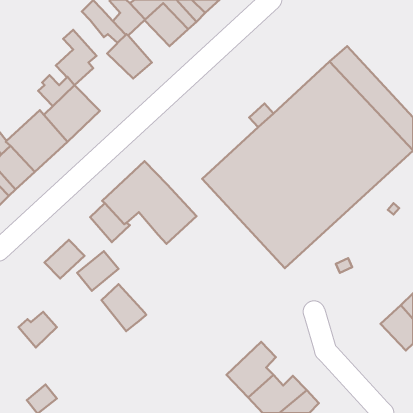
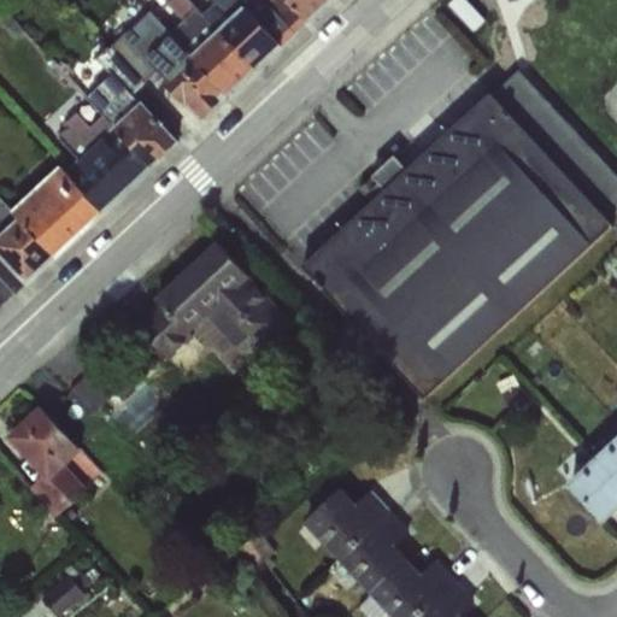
building: none -> [108,27,175,83]
building: none -> [190,30,252,93]
building: none -> [111,100,176,165]
building: none -> [5,404,81,480]
building: [102,284,146,331] -> none
building: none -> [302,487,388,558]

